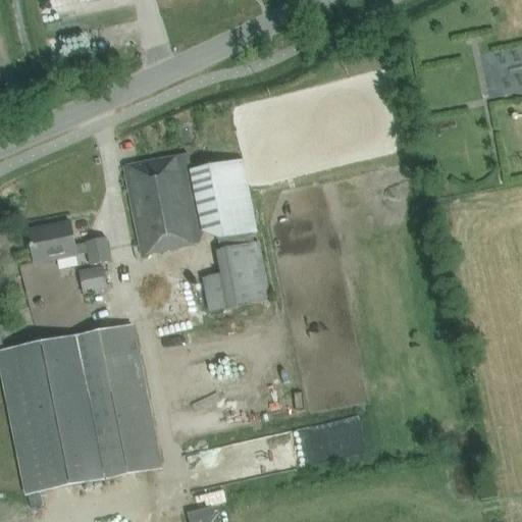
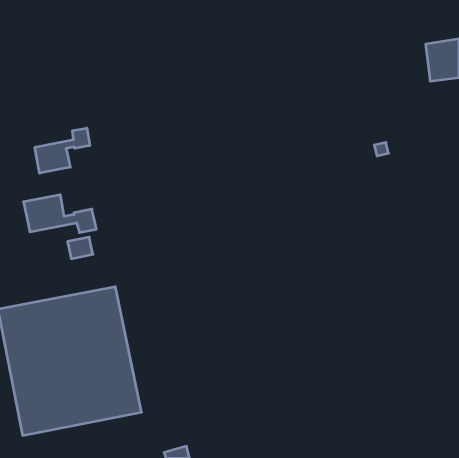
building: none -> [35,128,90,173]
building: [123,152,269,312] -> none

